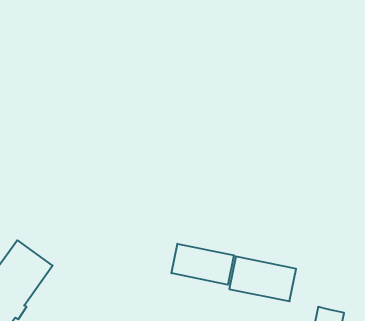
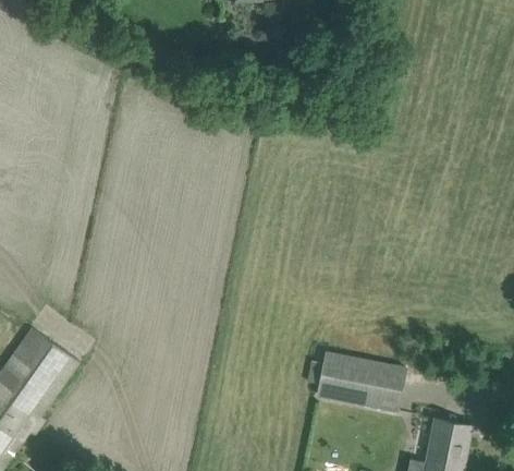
building: [171,244,234,285] -> none

